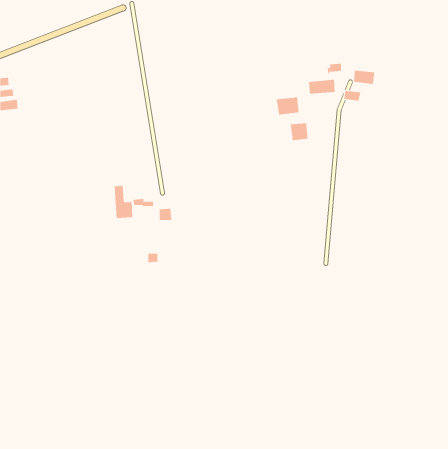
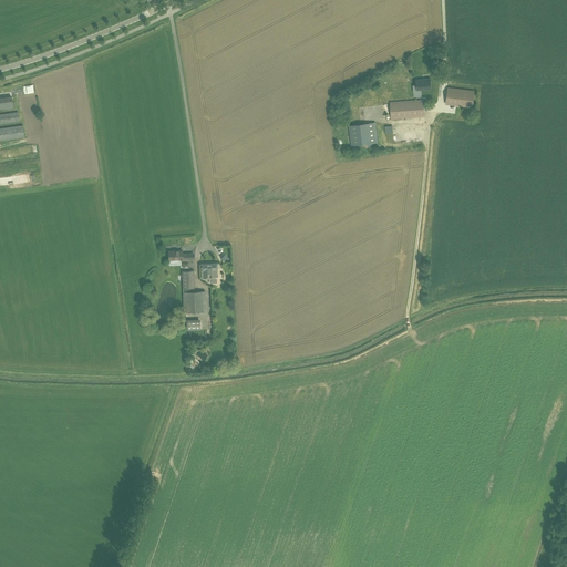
building: [290,123,308,141] -> none
building: [114,185,133,219] -> [181,270,205,312]

